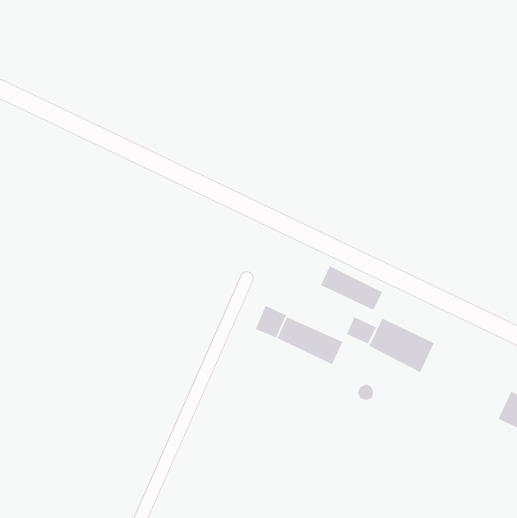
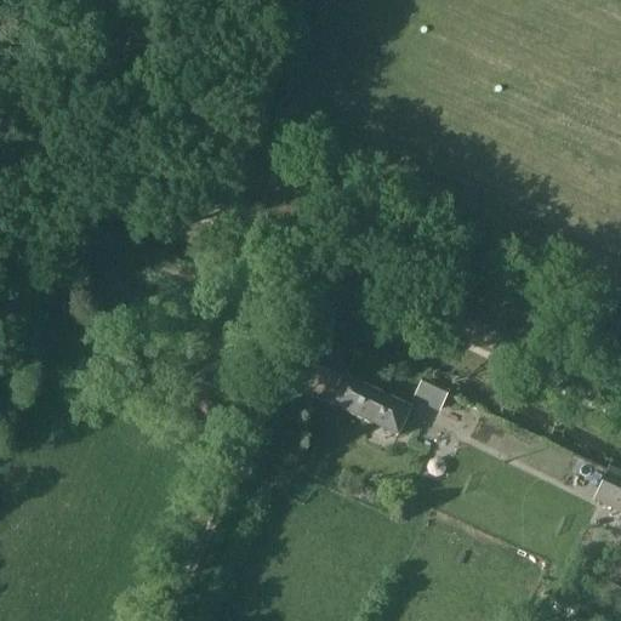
building: [320,265,383,311] -> none
building: [368,318,435,373] -> none

